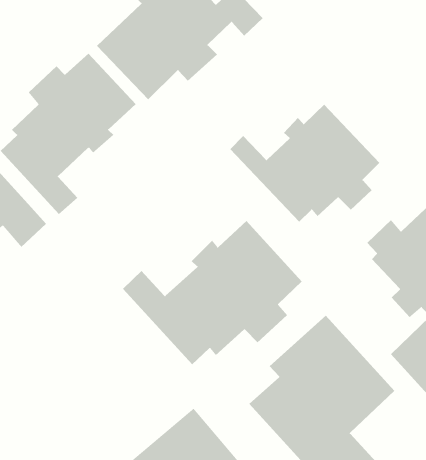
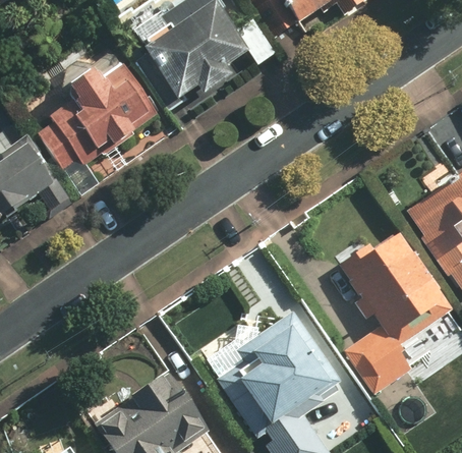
building: [229,104,380,222] -> none
building: [122,220,303,365] -> none

